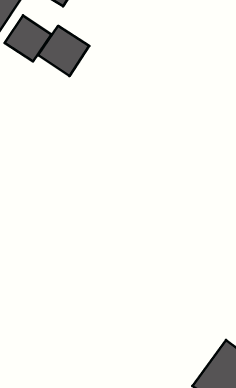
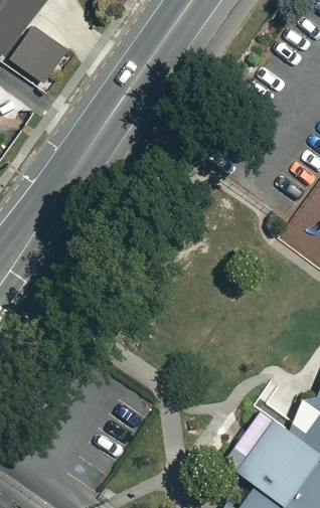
building: [38,26,89,76] -> none

